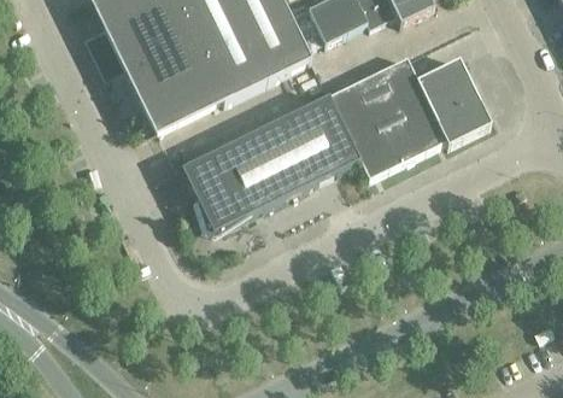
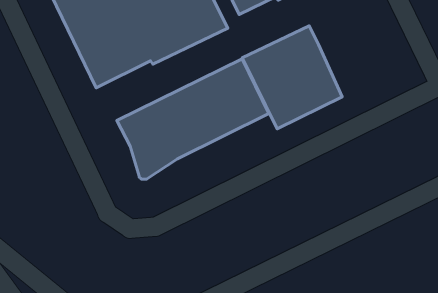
building: [417,58,491,144] -> none

